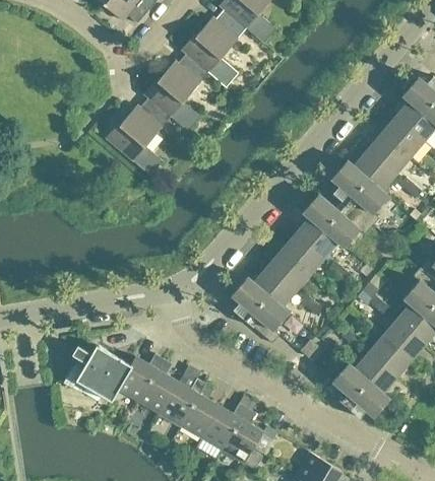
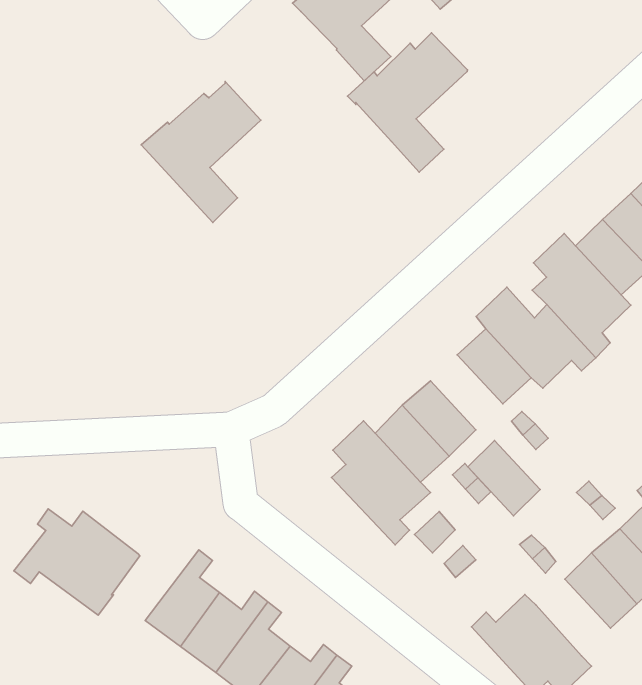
building: [143,53,208,131] -> [347,33,467,172]
building: [282,233,323,274] -> [468,441,540,516]
building: [355,351,397,393] -> none
building: [118,353,164,401] -> none

